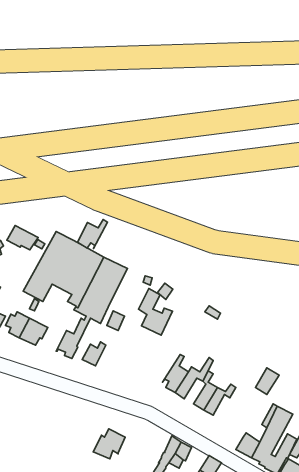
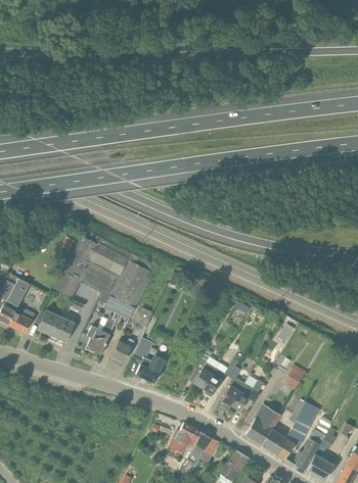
building: [77,220,107,249] -> none
building: [7,225,38,250] -> none
building: [138,289,173,335] -> [132,337,166,383]
building: none -> [245,404,280,444]
building: [93,429,125,459] -> [168,423,199,452]

